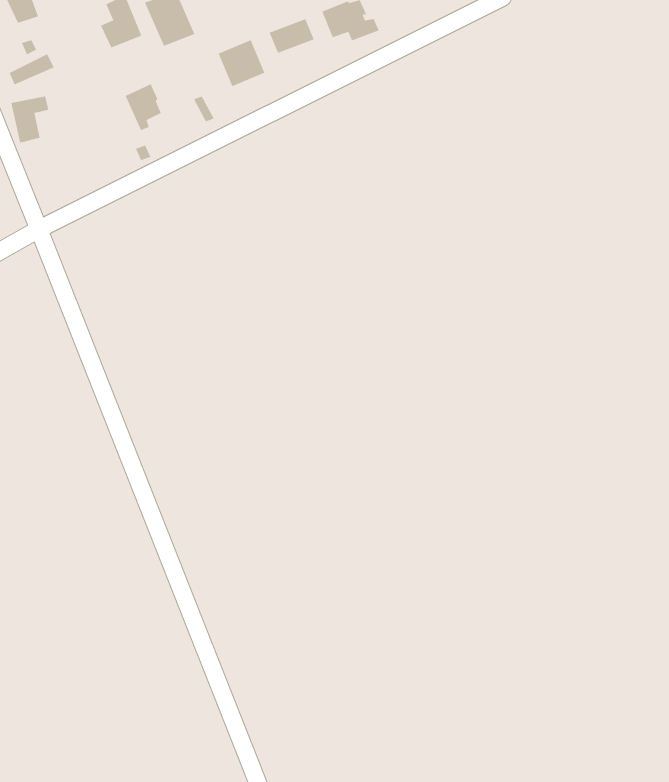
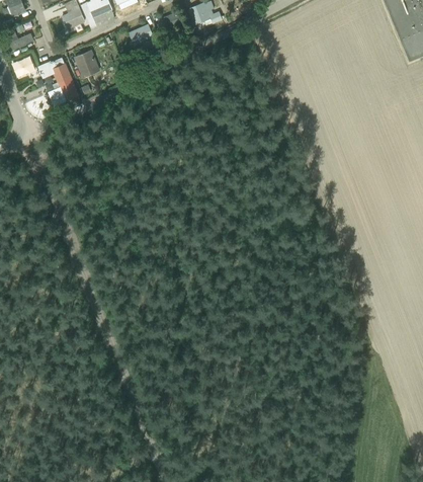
building: none -> [38,58,78,104]

